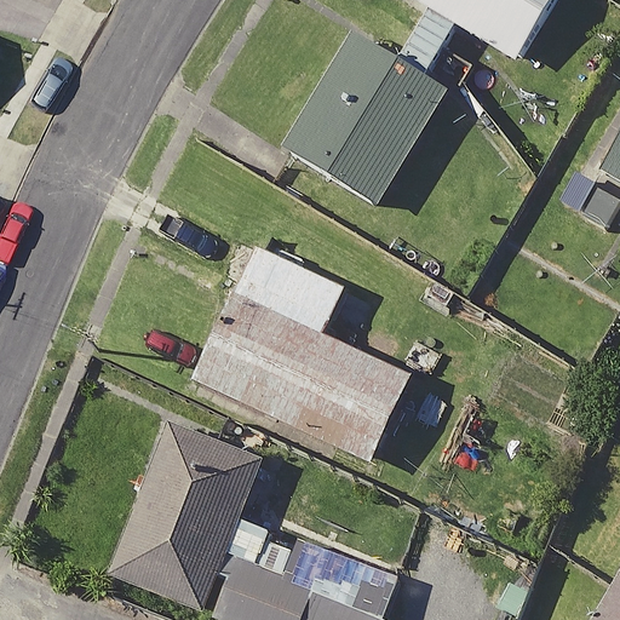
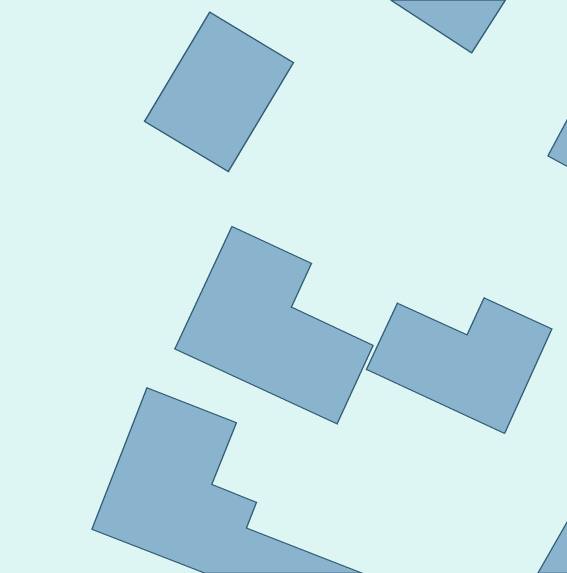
building: [287,30,448,202] -> [144,12,294,172]
building: none -> [366,298,552,433]

